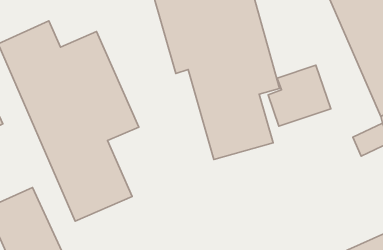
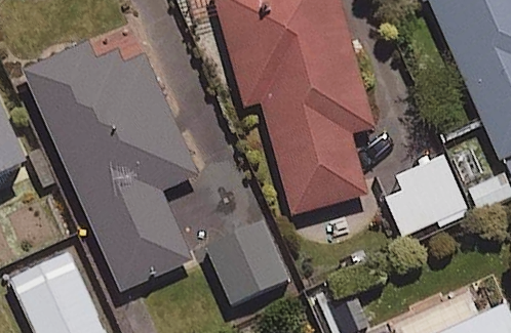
building: [268,65,331,126] -> [386,158,464,234]
building: none -> [203,223,286,303]

